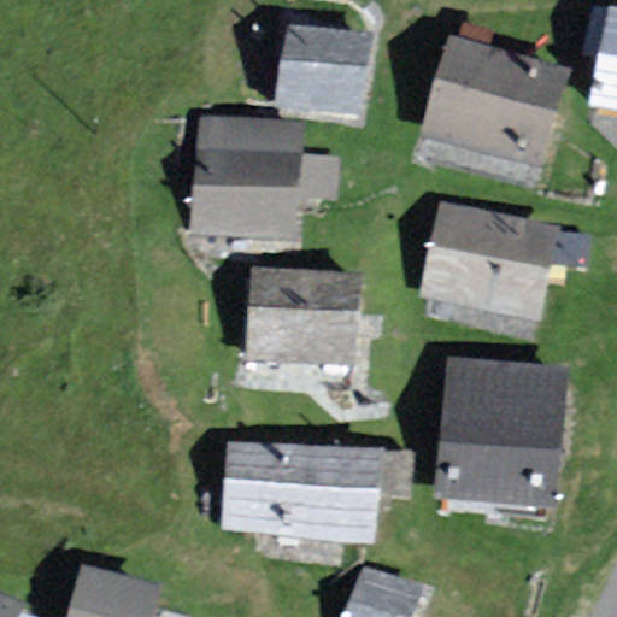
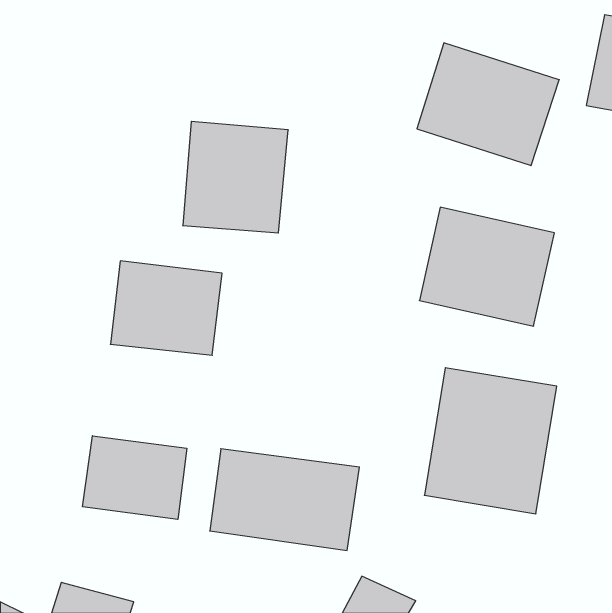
building: [282,30,368,113] -> none
building: [247,270,357,363] -> [110,261,222,355]
building: none -> [83,436,187,519]

